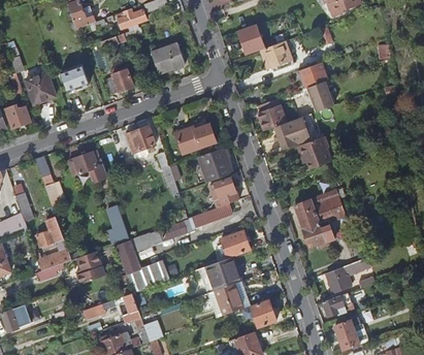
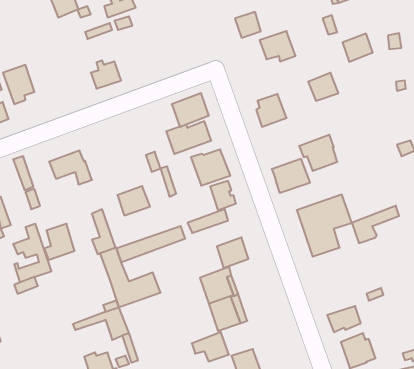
building: [151,42,185,73] -> [172,93,209,127]
building: [298,61,326,87] -> [342,34,373,62]
building: [60,63,89,91] -> none
building: [274,117,309,148] -> [272,159,310,193]
building: [125,126,155,153] -> [117,186,150,215]
building: [75,251,103,284] -> [44,224,75,260]
building: [326,257,369,291] -> [352,206,399,243]
building: [242,299,276,326] -> [192,332,229,361]

